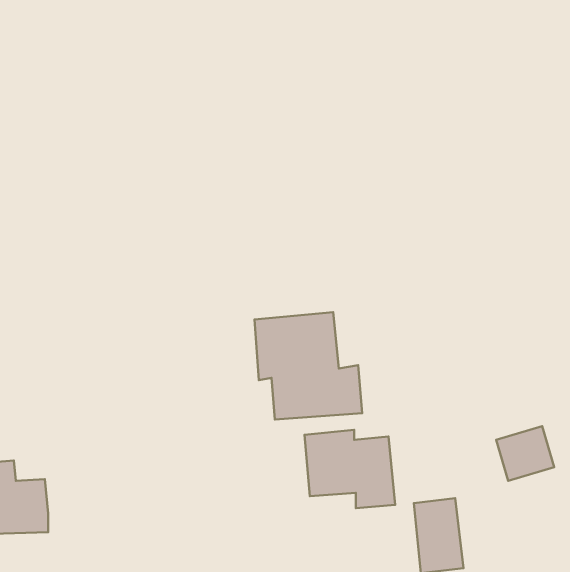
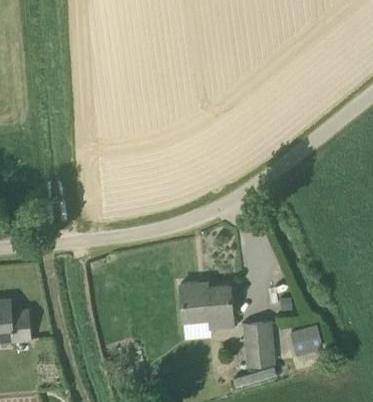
building: [255,312,362,420] -> none
building: [496,426,554,481] -> [290,325,324,357]

